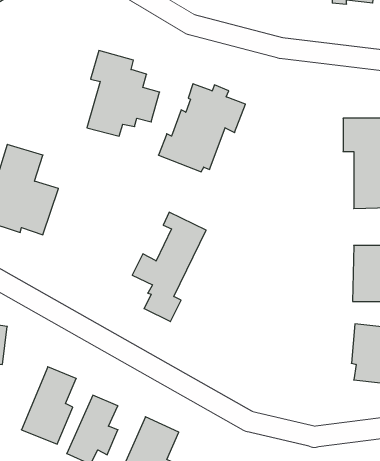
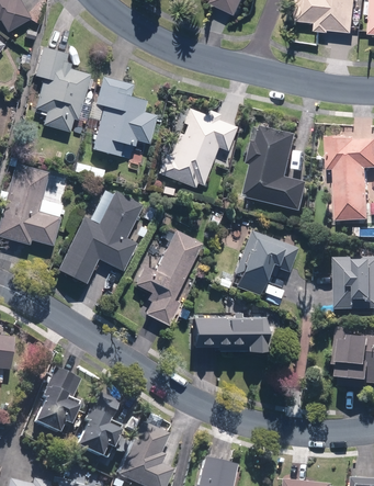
building: none -> [33,46,90,132]
building: none -> [245,127,307,210]
building: none -> [56,192,137,284]
building: none -> [234,231,297,294]
building: none -> [193,312,264,352]

